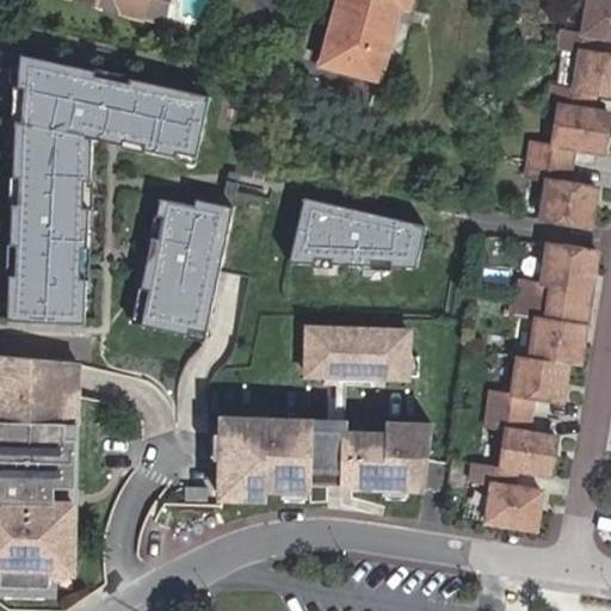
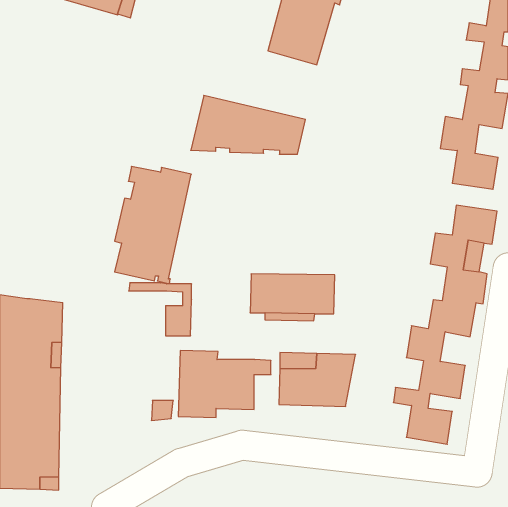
building: [6,50,209,320] -> none
building: [284,193,421,264] -> [191,95,305,154]
building: [260,421,335,485] -> [129,283,192,336]

